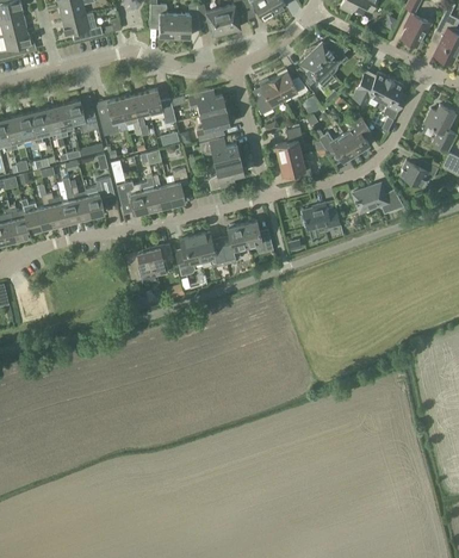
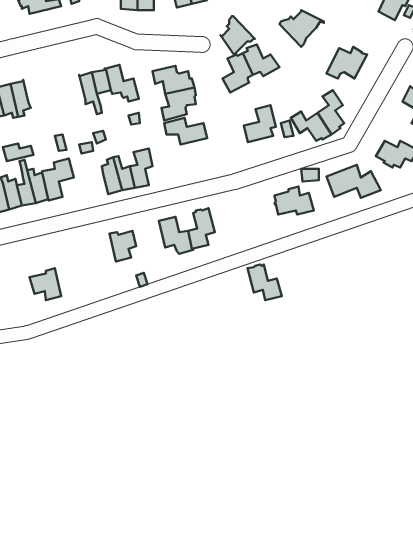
building: [297,50,329,87] -> [220,16,255,55]
building: [379,79,404,118] -> none
building: [100,98,126,136] -> none
building: [68,99,95,132] -> none
building: [279,155,312,179] -> none
building: [209,157,244,190] -> none
building: [117,181,148,213] -> none
building: [242,219,274,253] -> [247,264,282,300]
building: [178,235,201,275] -> none
building: [125,247,155,277] -> [29,268,61,300]

